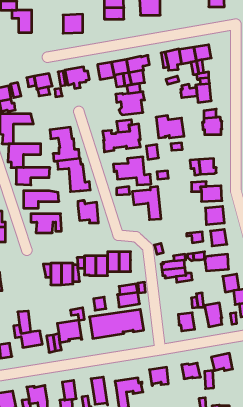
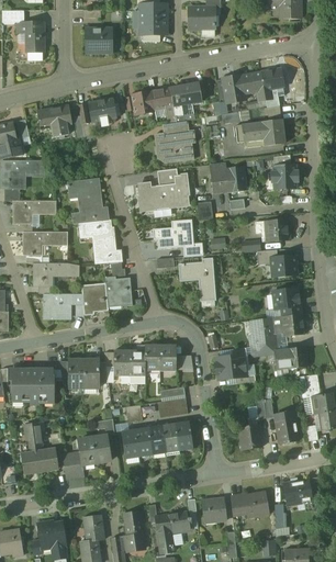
building: none -> [81,282,108,314]
building: none -> [10,369,55,402]

